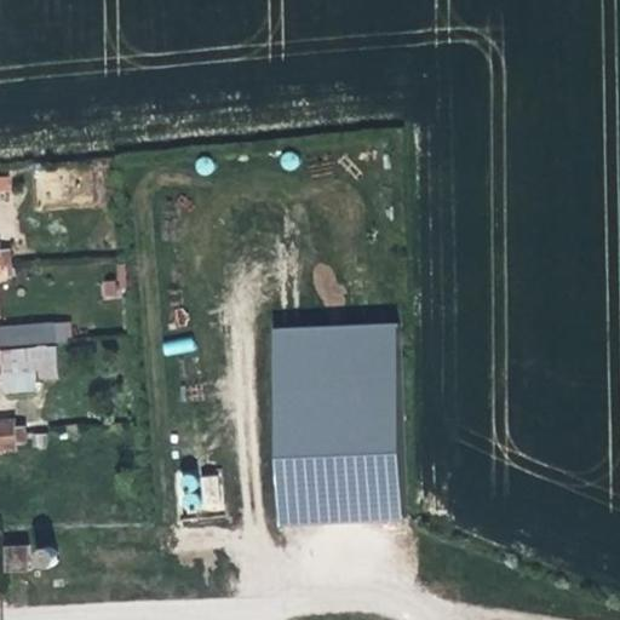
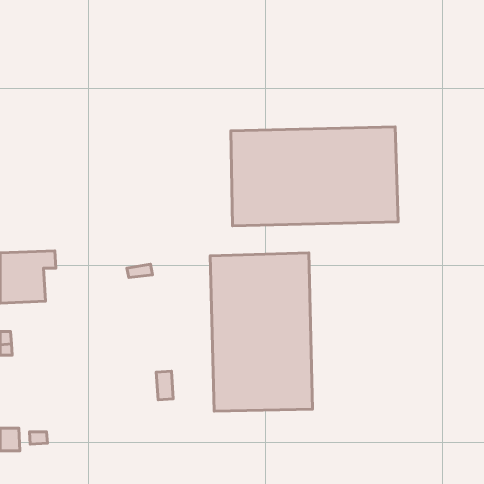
building: none -> [231,127,398,226]

